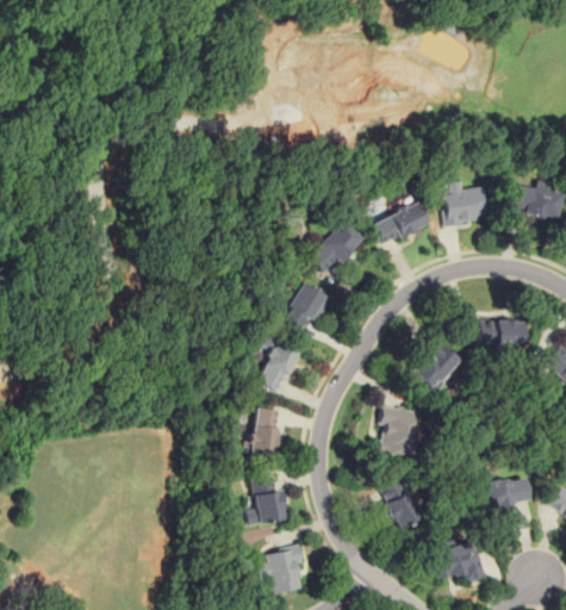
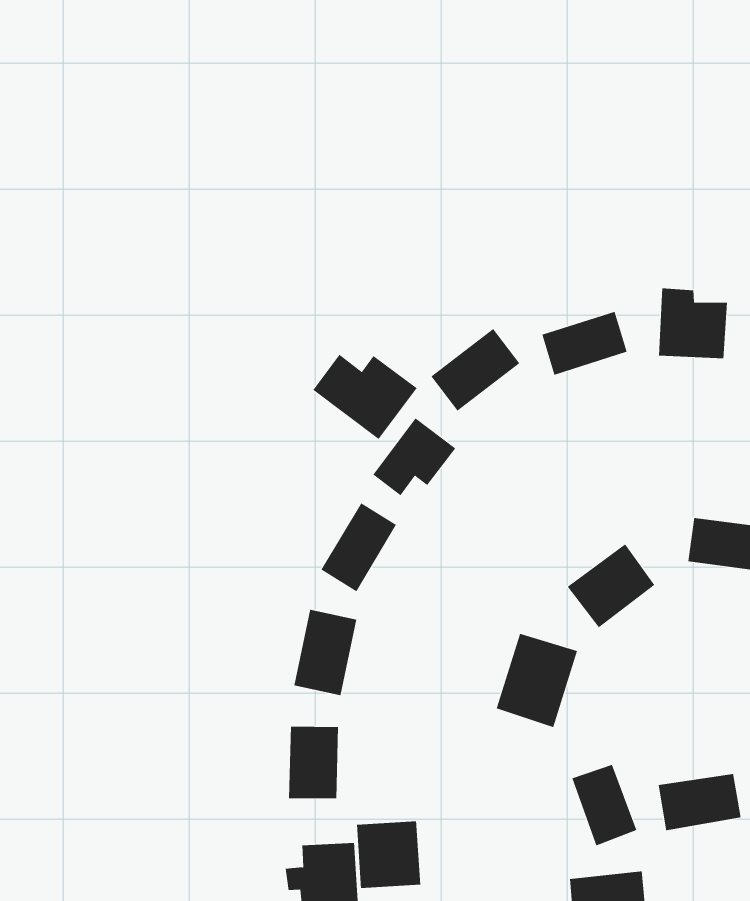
building: none -> [312,354,417,440]
building: [380,478,424,529] -> [572,764,637,846]
building: none -> [356,821,421,889]

